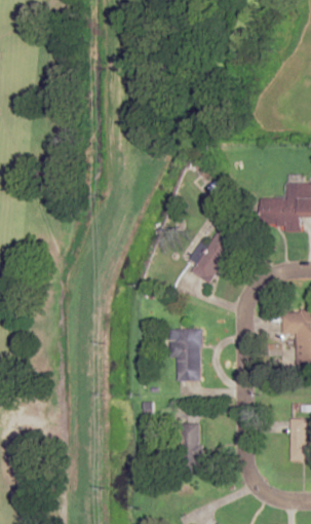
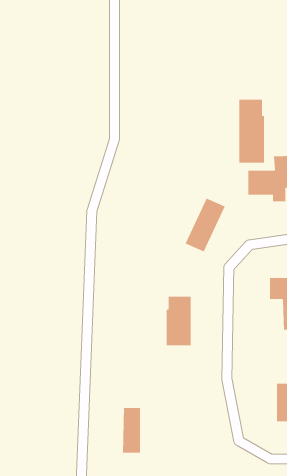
building: none -> [239,99,265,164]
building: [179,424,198,473] -> [122,407,141,453]

